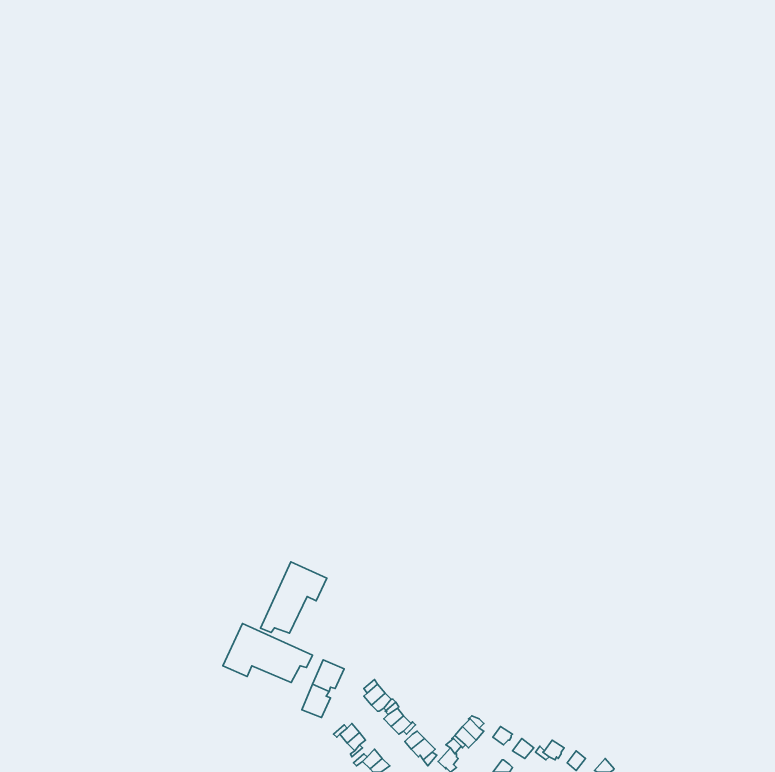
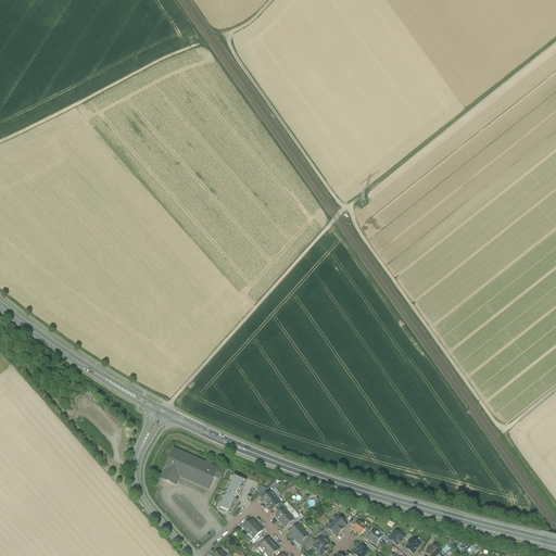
building: [261,562,327,633] -> none

